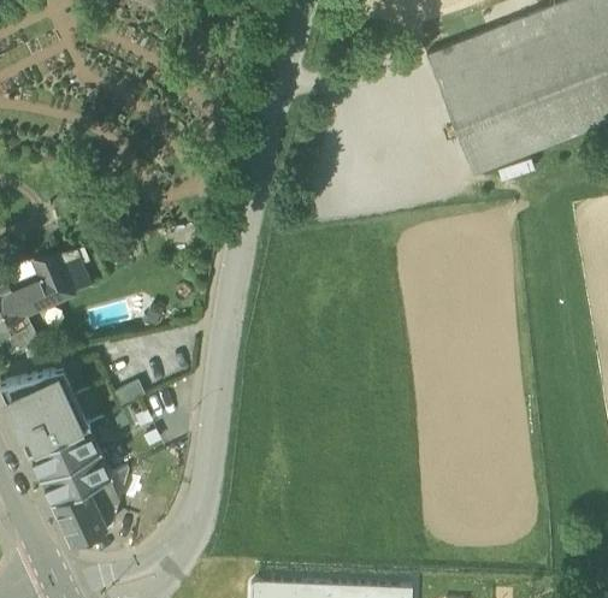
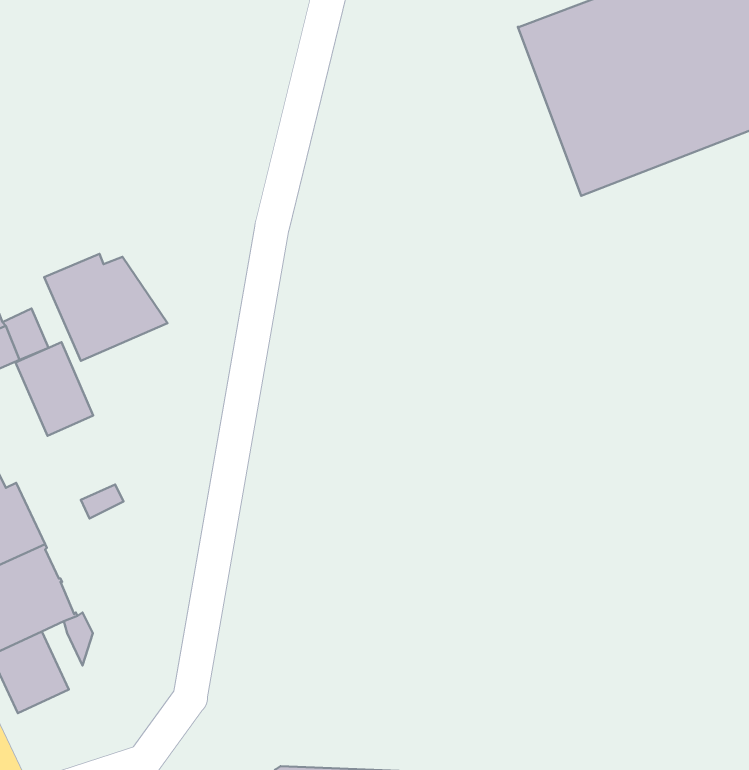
building: none -> [44,254,168,361]
building: none -> [16,342,93,436]

